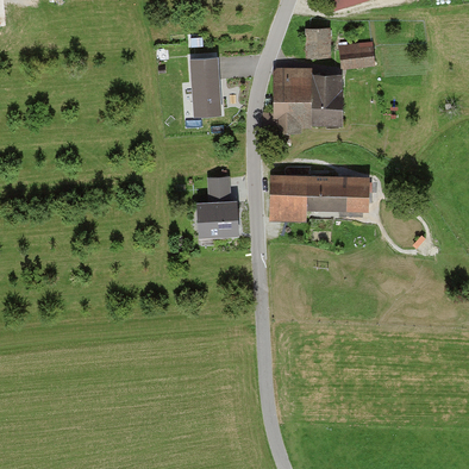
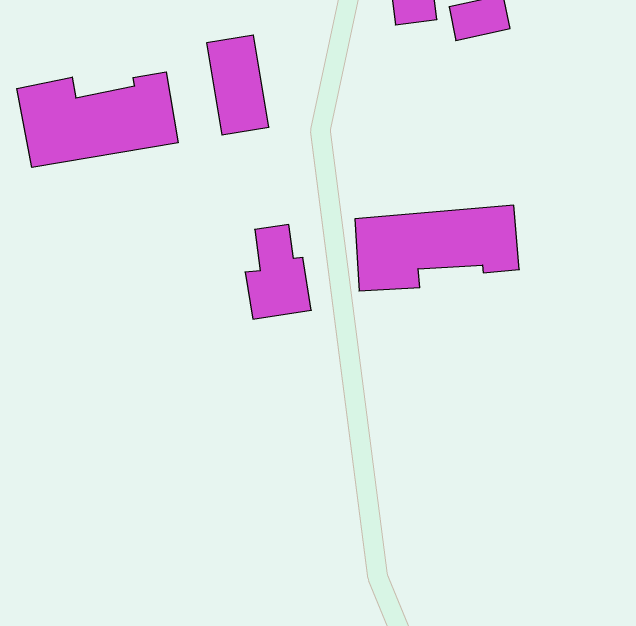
building: [271,70,344,131] -> none
building: none -> [17,72,178,167]

